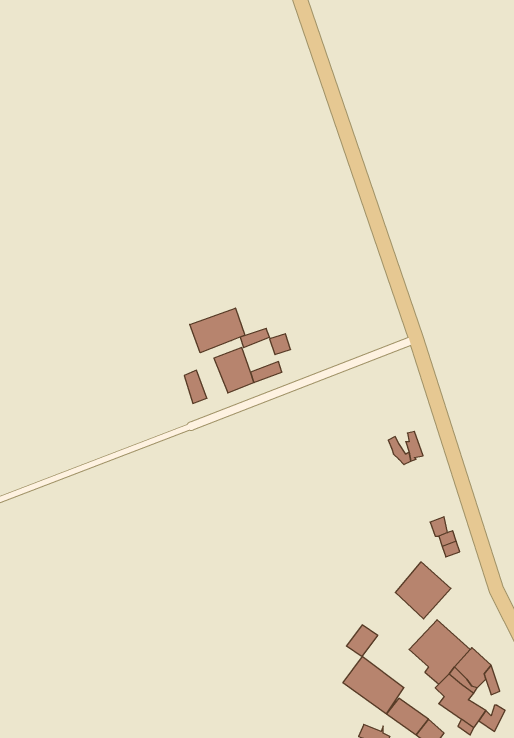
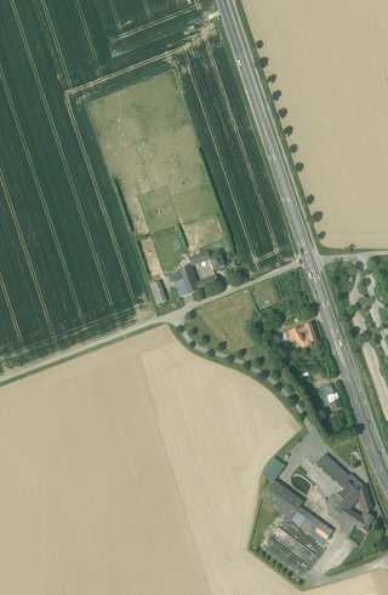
building: [190,308,245,353] -> none
building: [395,562,451,619] -> none

